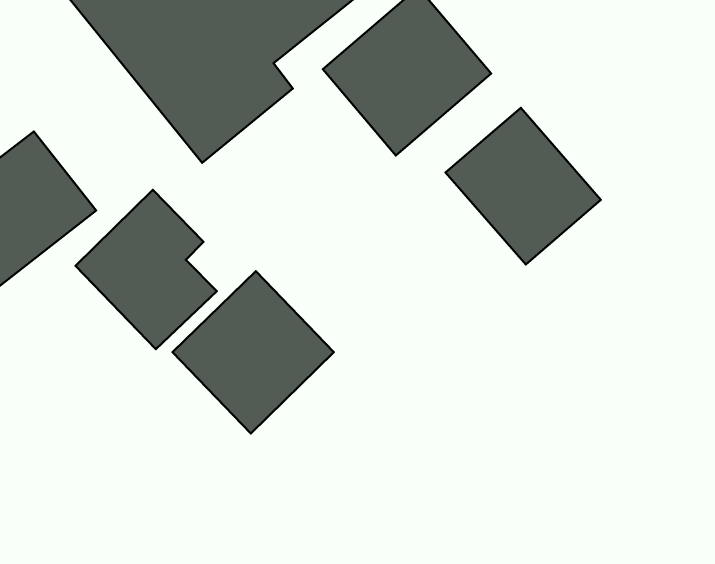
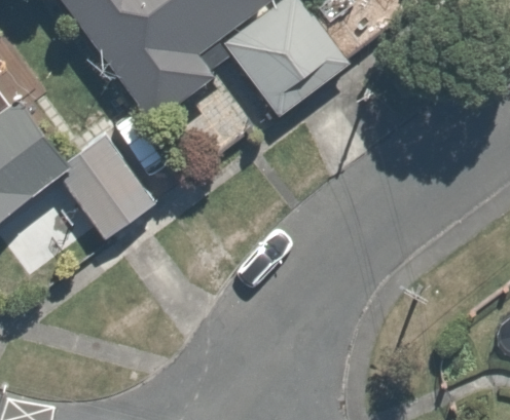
building: [446,108,601,264] -> none
building: [173,271,334,433] -> none

